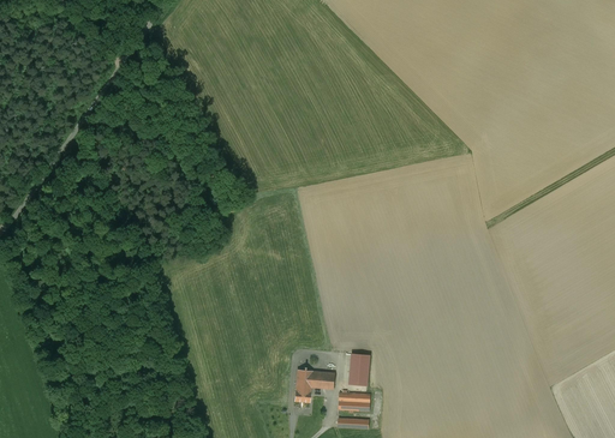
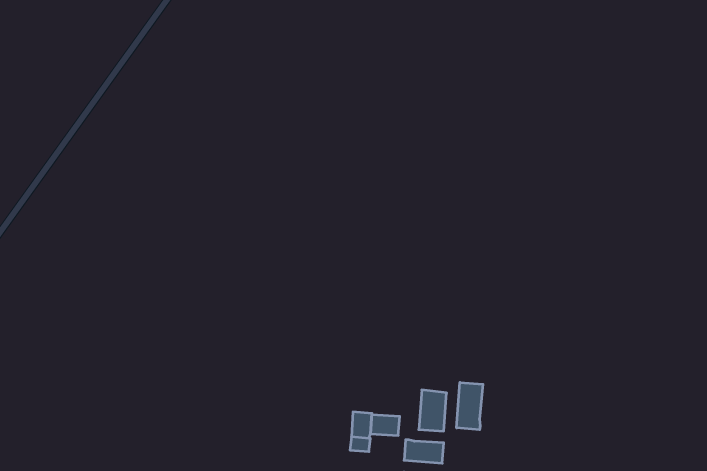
building: none -> [457,382,483,430]

